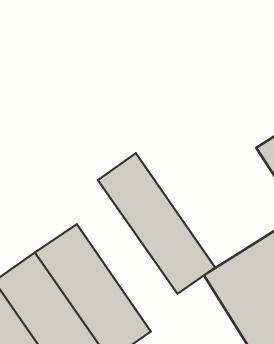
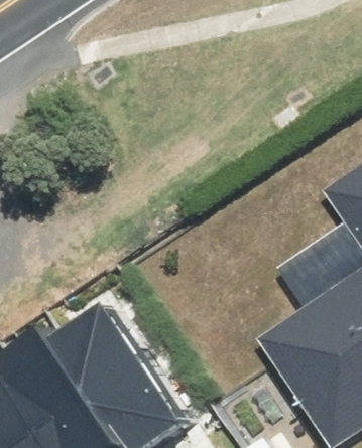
building: [98,153,215,294] -> none

